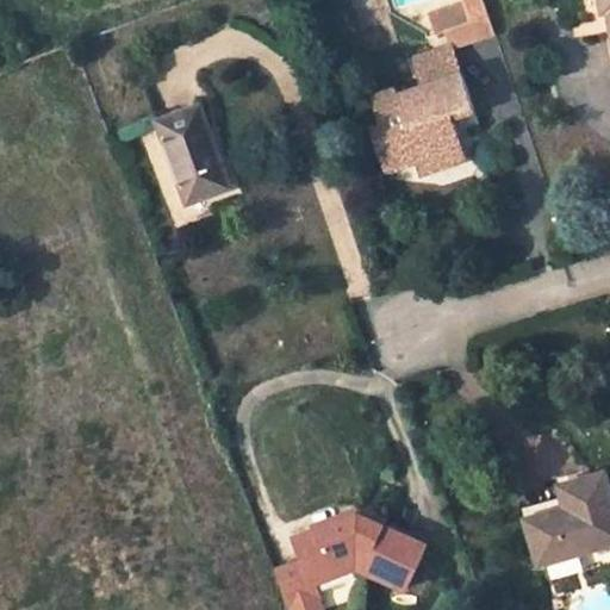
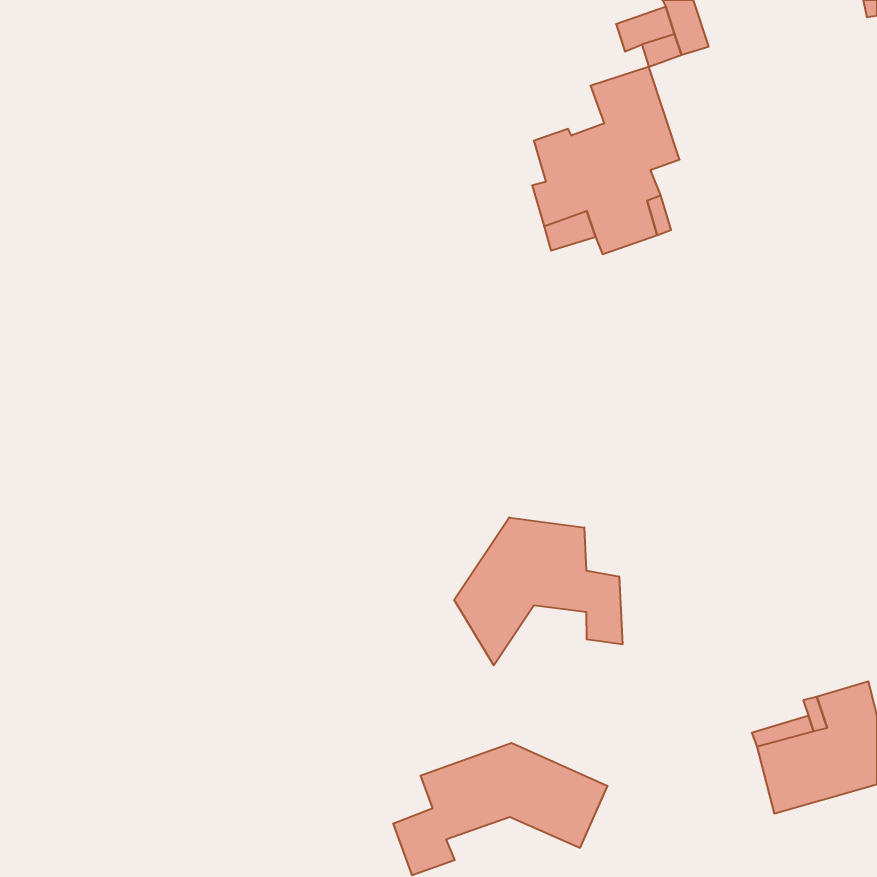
building: [157,107,226,203] -> none
building: none -> [454,517,622,665]

